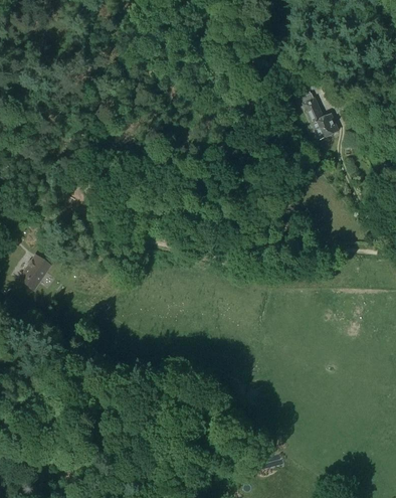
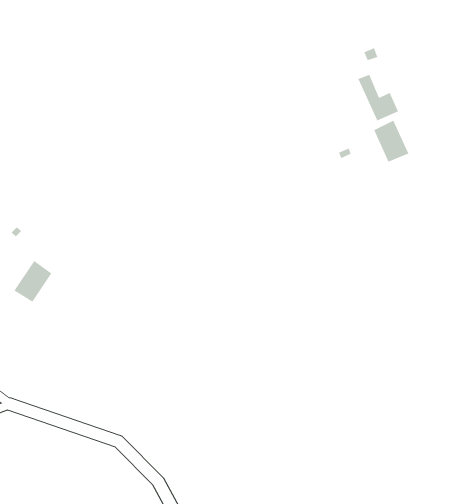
building: none -> [374,120,409,162]

